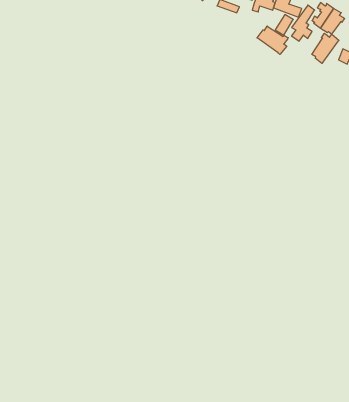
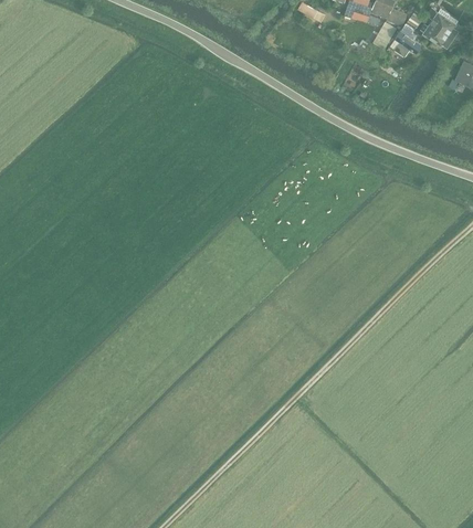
building: [257,26,288,54] -> none
building: [312,33,339,63] -> none

